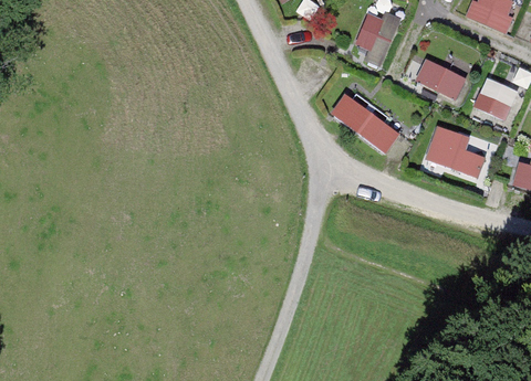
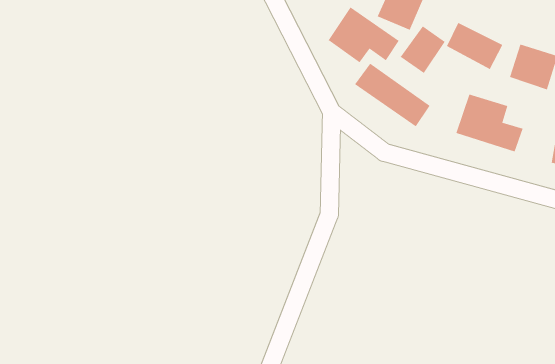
building: none -> [328,7,399,63]
building: none -> [400,25,445,74]

